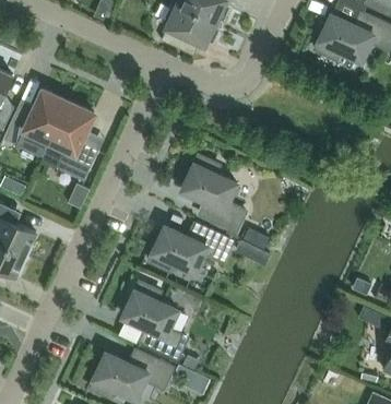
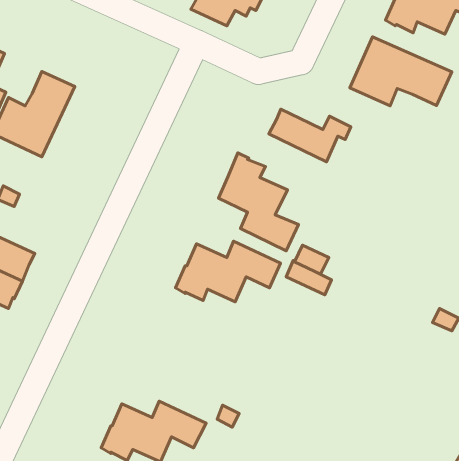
building: none -> [350,37,452,106]
building: [40,102,99,181] -> none
building: none -> [269,109,351,162]
building: [123,282,187,358] -> none

